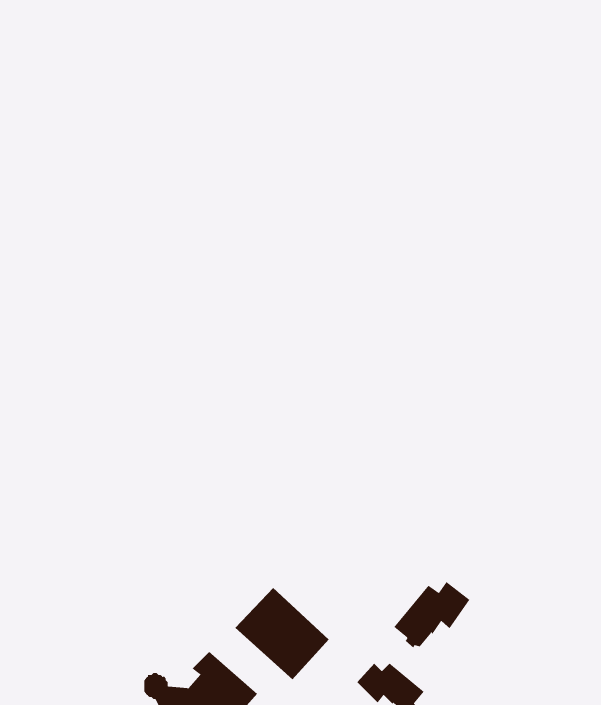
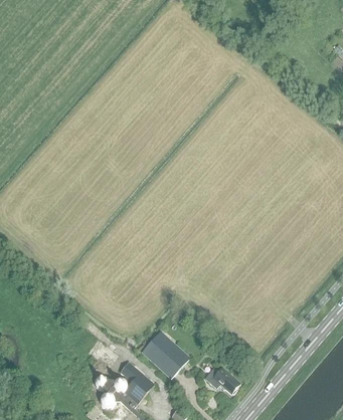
building: [393,581,470,649] -> none

